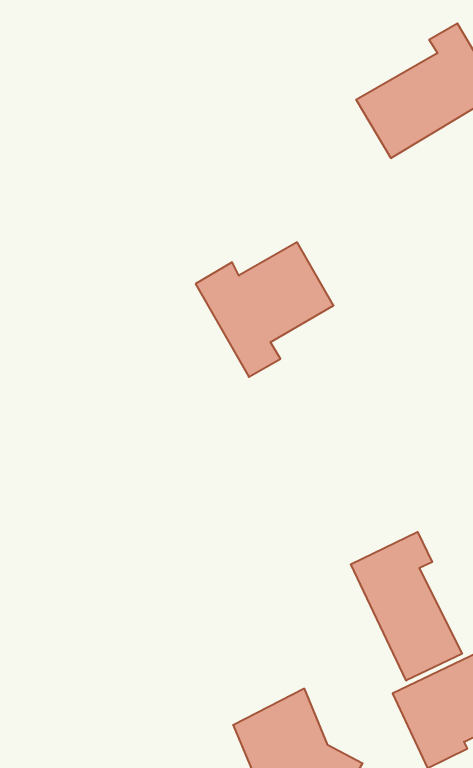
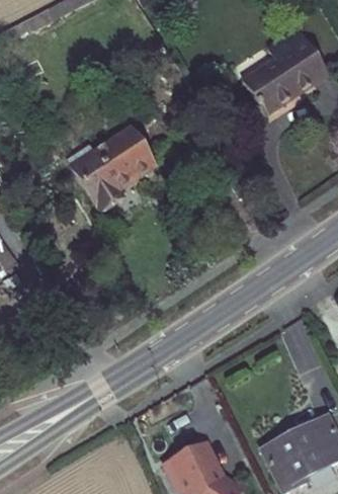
building: [196,242,334,377] -> [65,127,149,209]
building: [351,532,462,681] -> none

